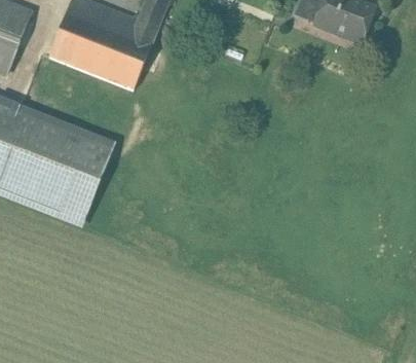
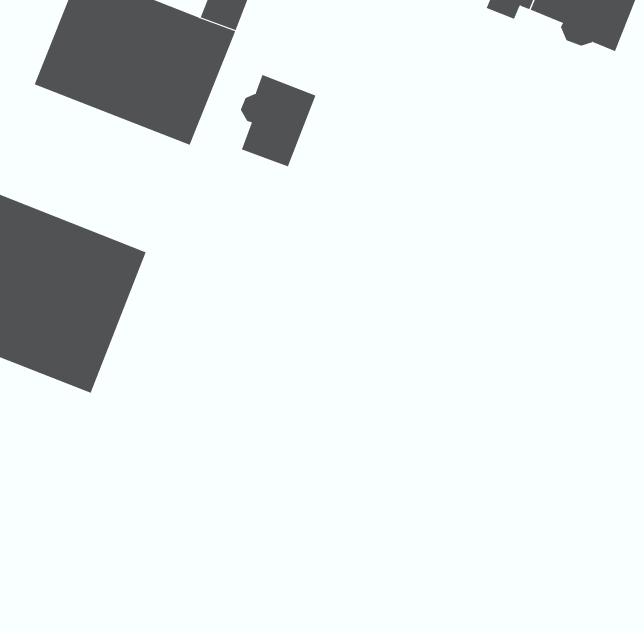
building: none -> [240,74,316,167]

